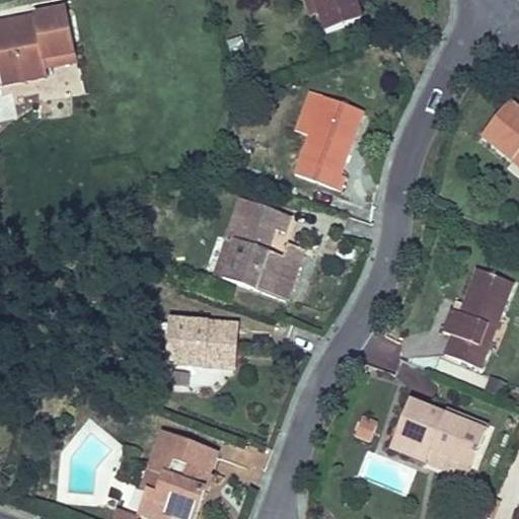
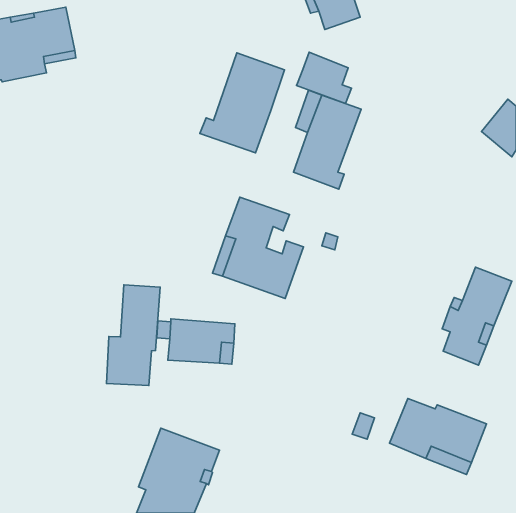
building: none -> [296,52,352,104]
building: none -> [200,53,284,153]
building: none -> [106,285,160,386]

